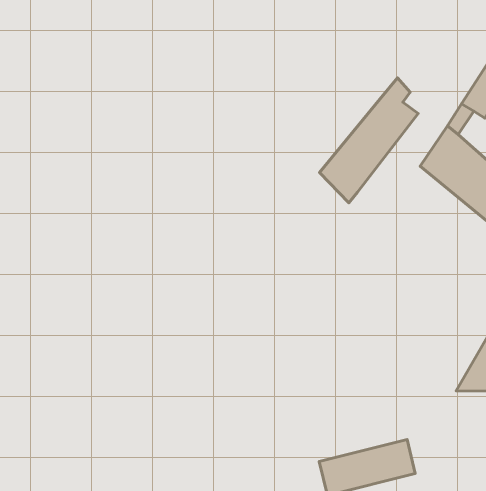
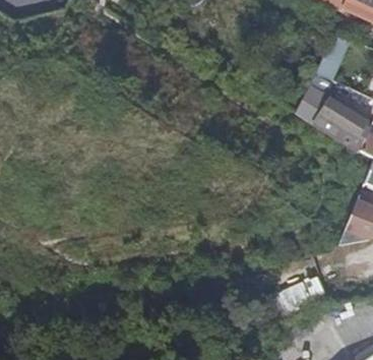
building: [319,78,418,203] -> none

